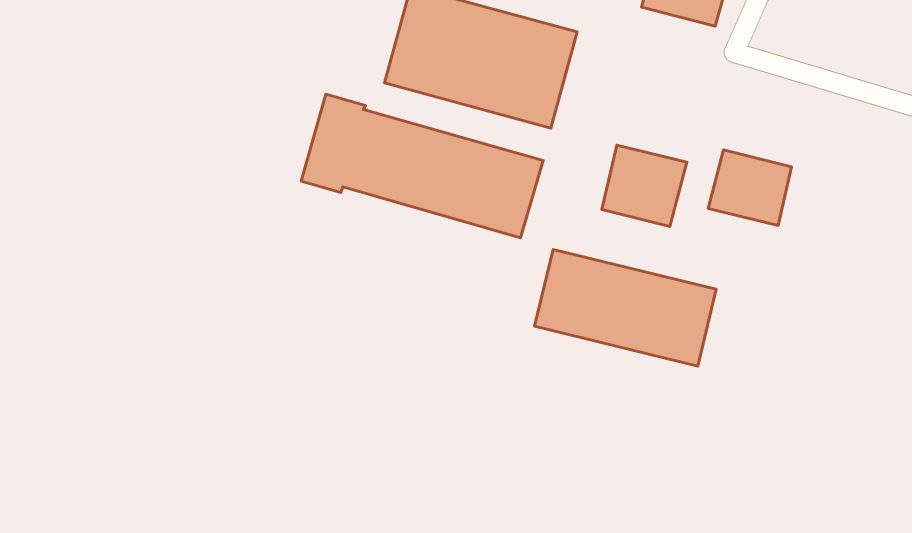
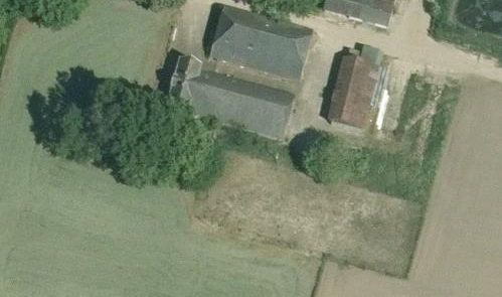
building: [708,150,792,225] -> [333,58,377,99]
building: [535,250,716,366] -> none

